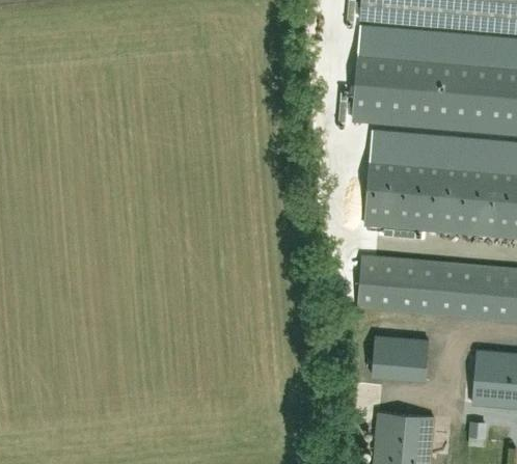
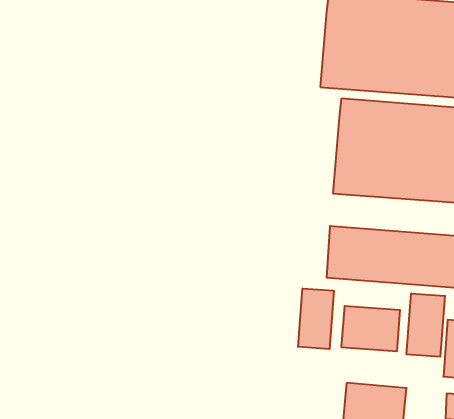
building: none -> [298,288,334,349]
building: none -> [407,293,445,357]

